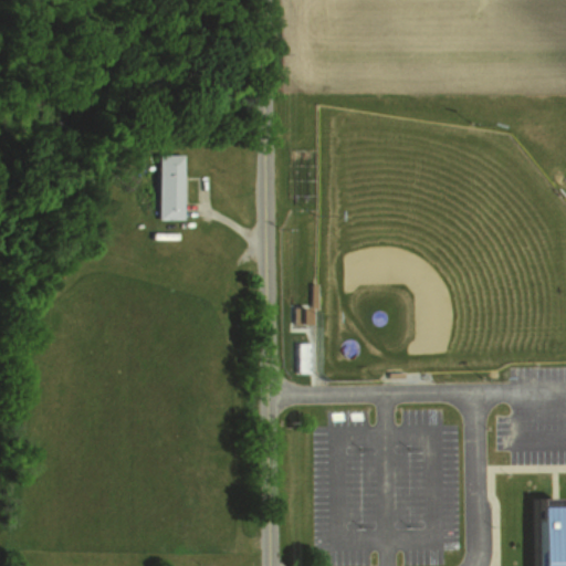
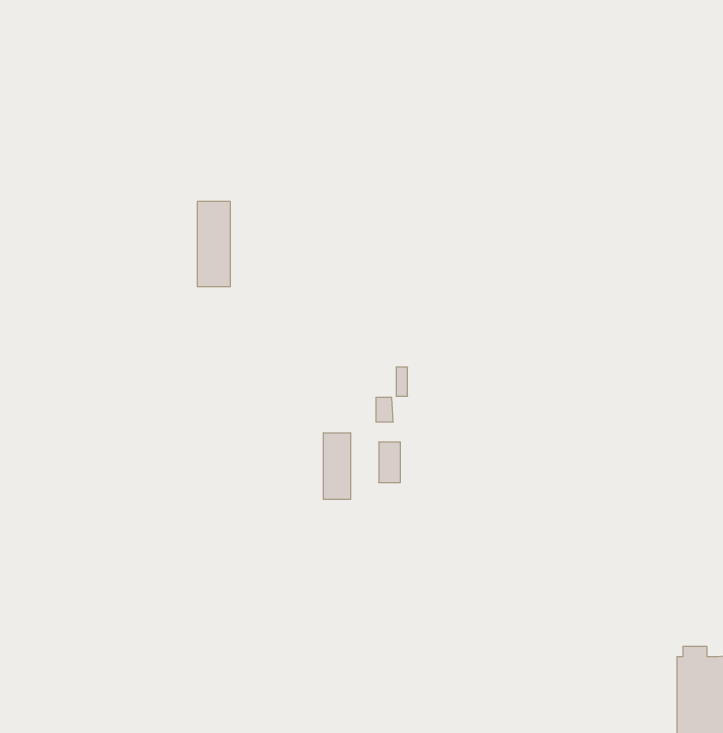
building: none -> [323,433,351,499]

